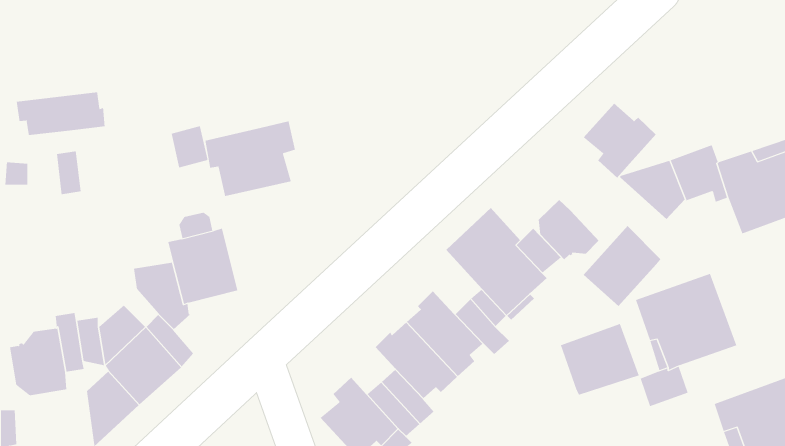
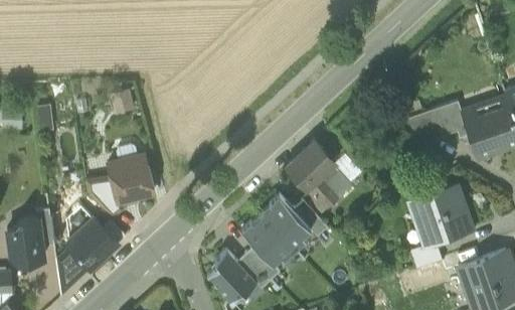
building: [16,92,105,136] -> none
building: [583,103,656,178] -> none
building: [205,121,295,197] -> none
building: [538,199,600,260] -> none
building: [583,225,661,307] -> none
building: [560,323,639,396] -> none

